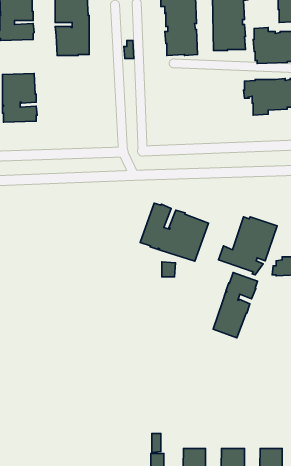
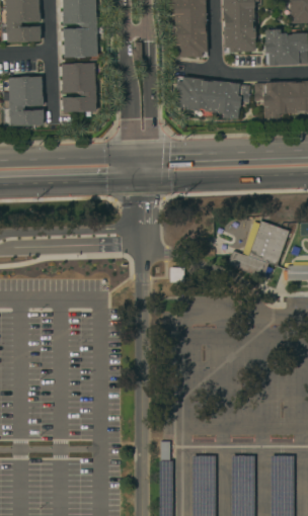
building: none -> [62,63,97,112]
building: none -> [175,76,250,119]
building: [140,203,208,261] -> none
building: [213,272,258,338] -> none

